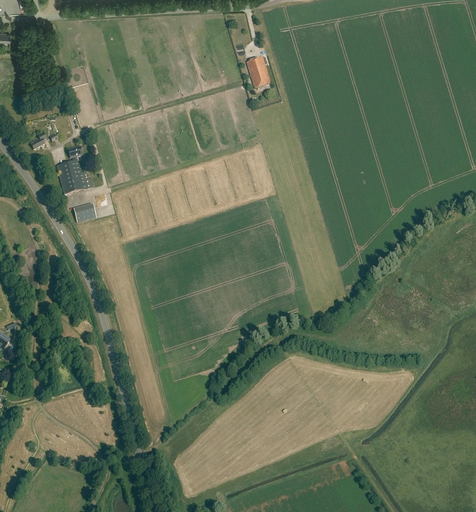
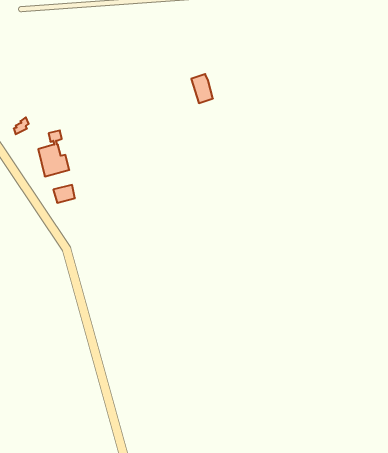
building: [247,57,270,88] -> [191,74,213,103]

